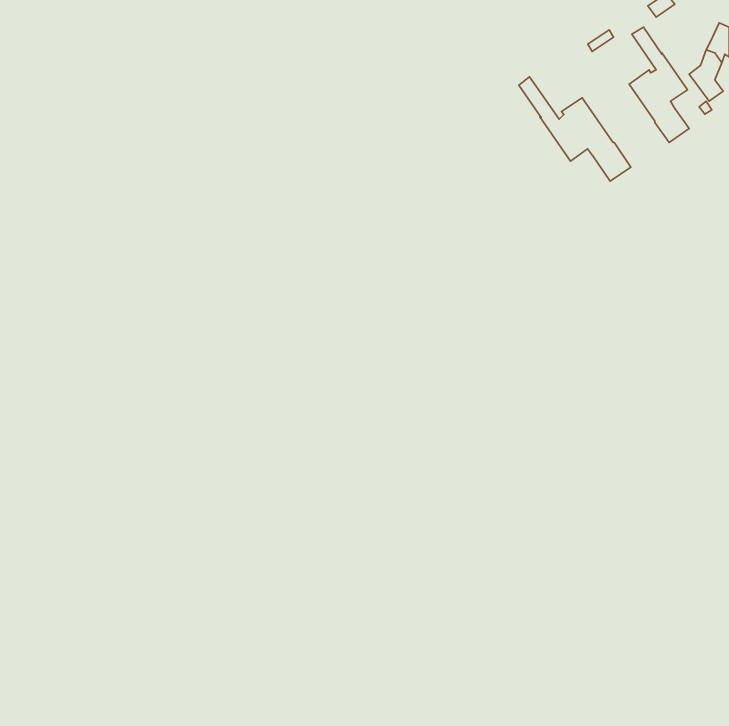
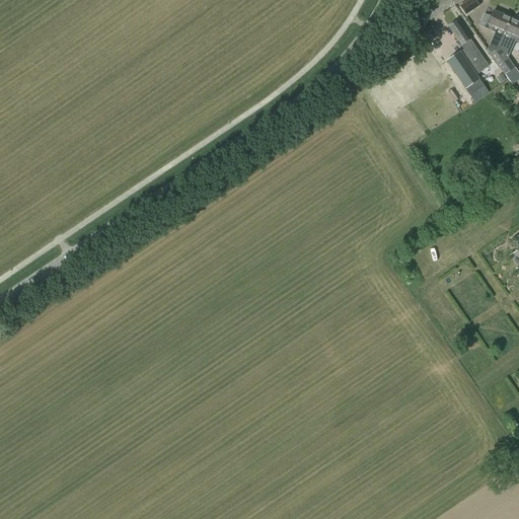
building: none -> [478,8,511,29]
building: [519,77,631,181] -> none

